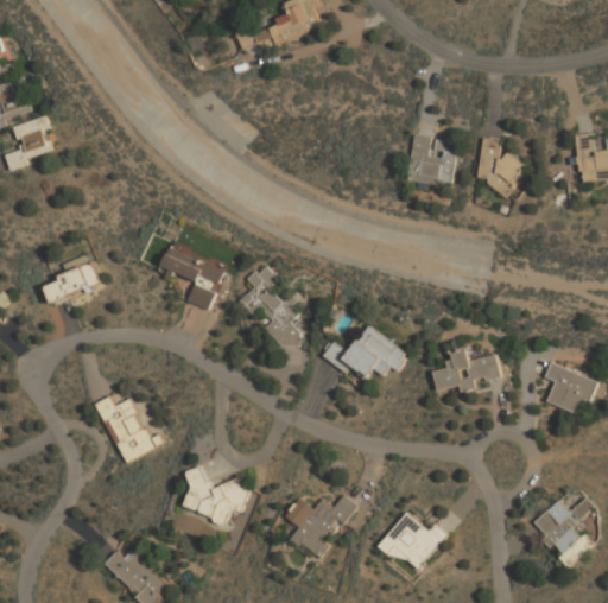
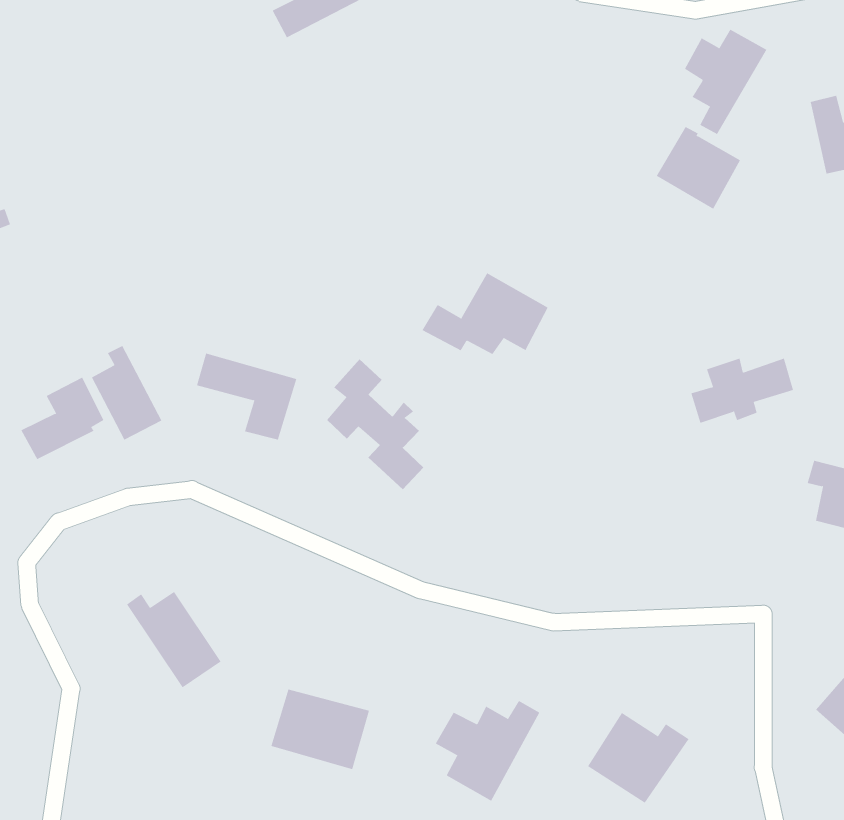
building: none -> [684,29,767,135]
building: [407,133,457,185] -> none
building: none -> [91,345,162,440]
building: [321,325,404,379] -> [422,272,548,355]
building: [432,351,499,392] -> [691,358,794,423]

